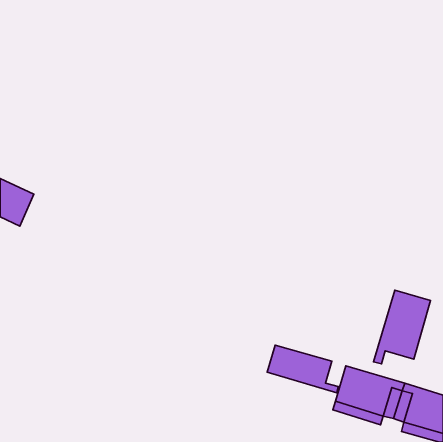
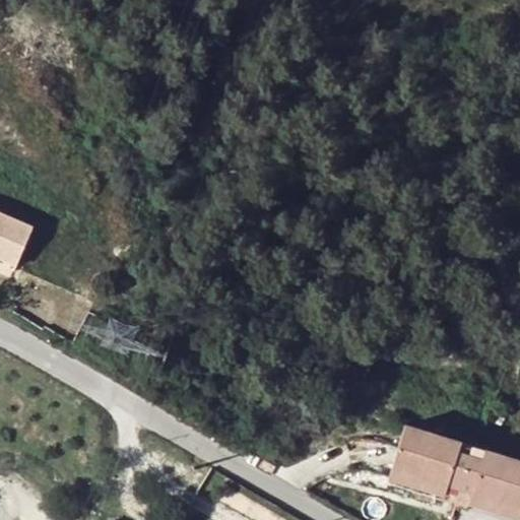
building: [374,290,430,364] -> none
building: [267,345,338,393] -> none

